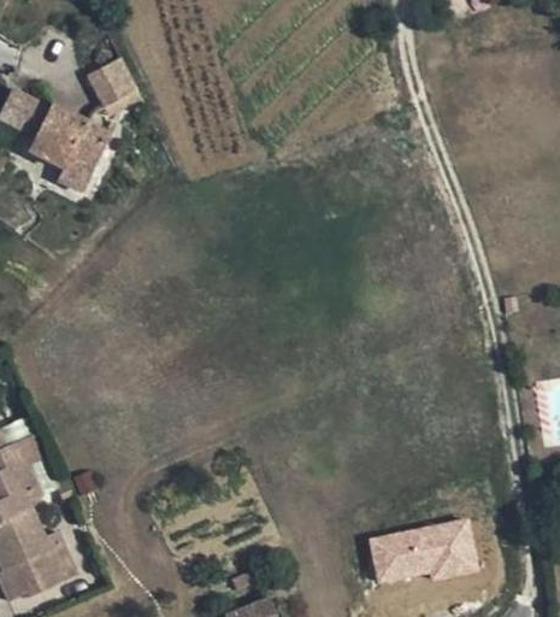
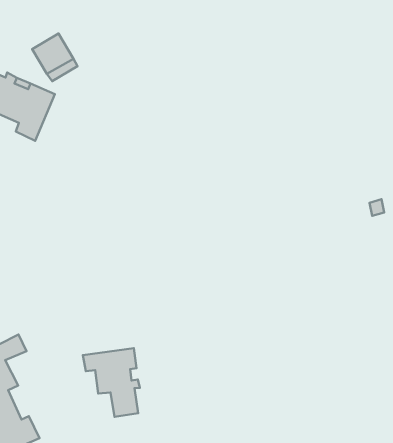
building: none -> [83,348,140,417]
building: [369,517,481,588] -> none

